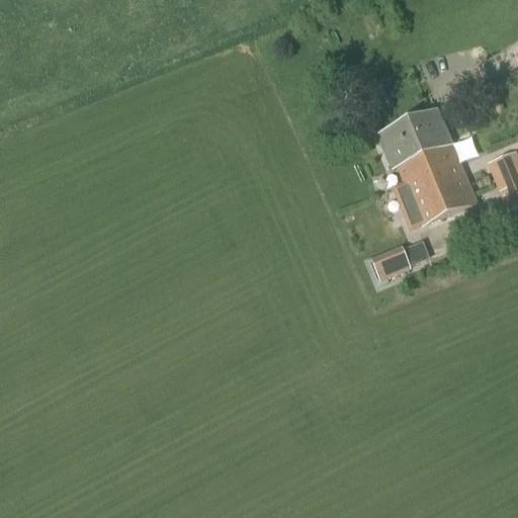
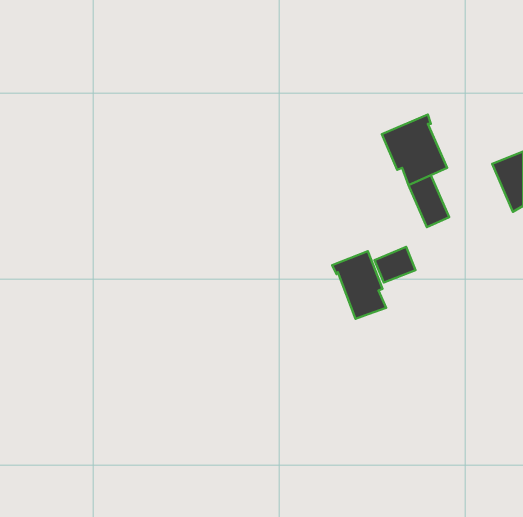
building: [423,107,477,214] -> none
building: none -> [332,251,386,319]

